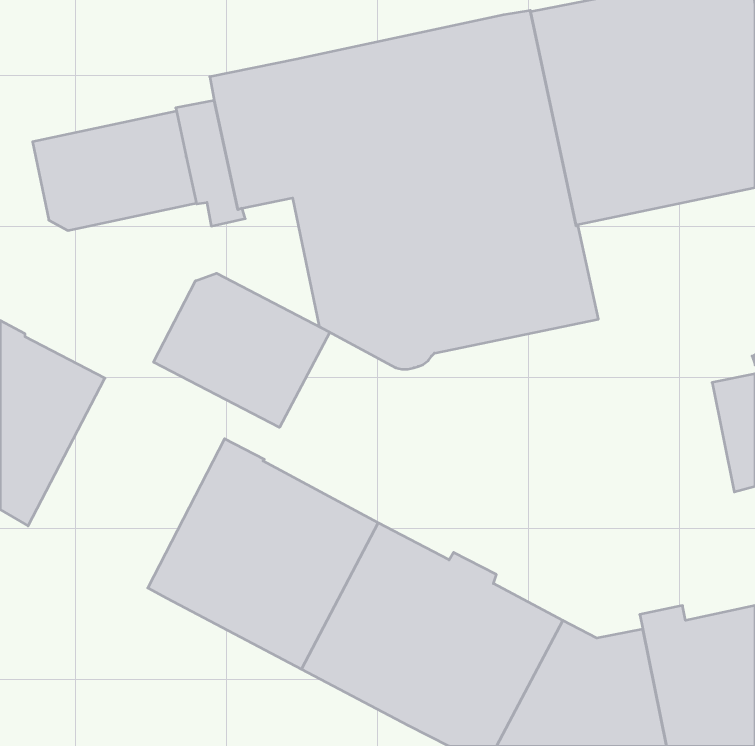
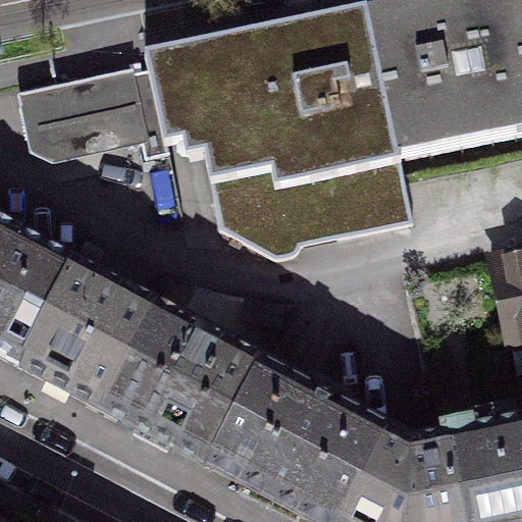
building: [154,273,330,427] -> none
building: none -> [19,261,155,406]

